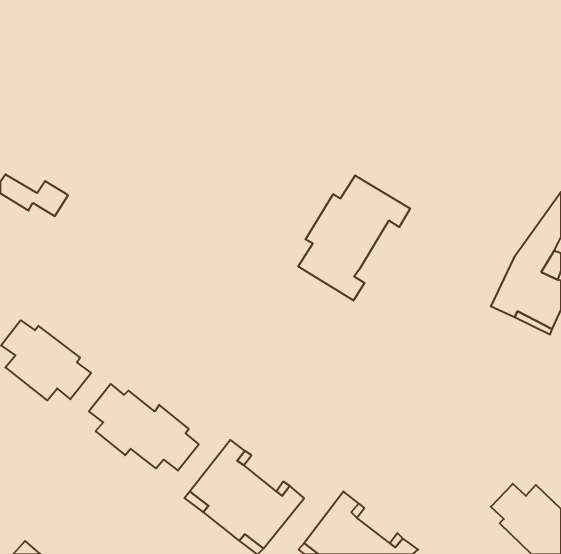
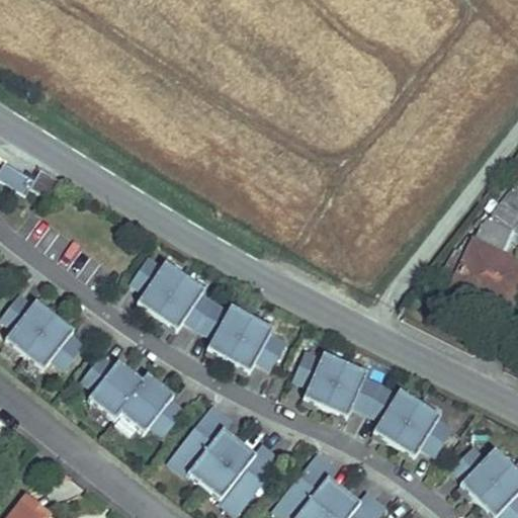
building: [298,175,410,301] -> none
building: none -> [131,258,285,371]
building: none -> [293,351,451,456]

